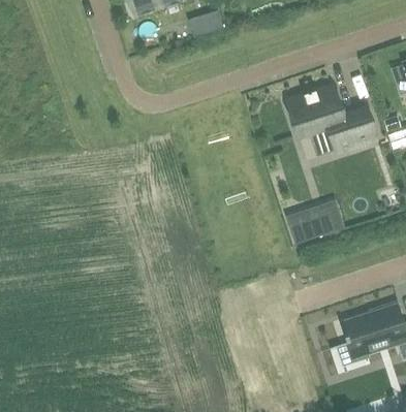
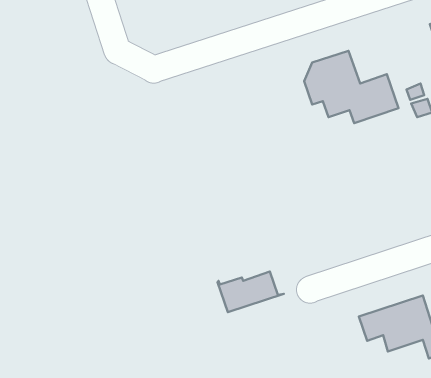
building: [285,205,344,242] -> [217,272,284,312]

